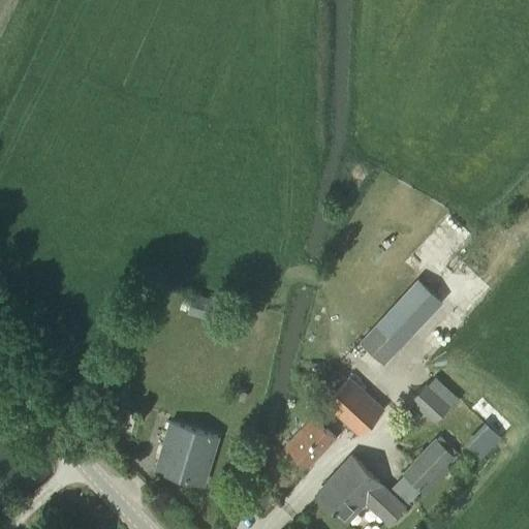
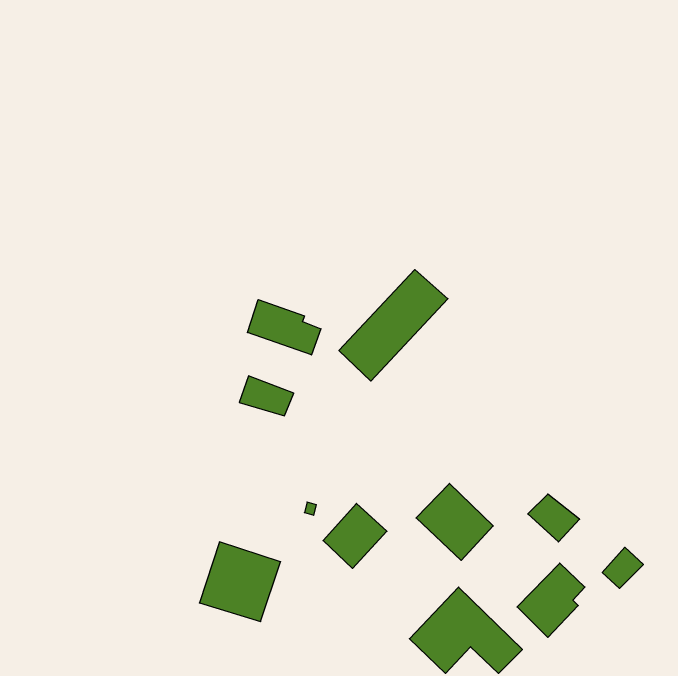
building: none -> [247,300,321,355]
building: [360,280,444,367] -> [339,270,448,381]
building: [286,418,336,469] -> [323,503,387,568]

